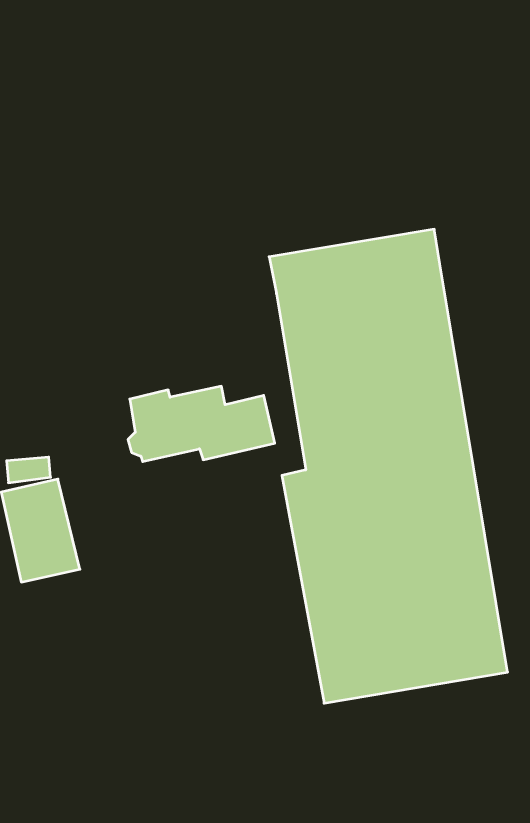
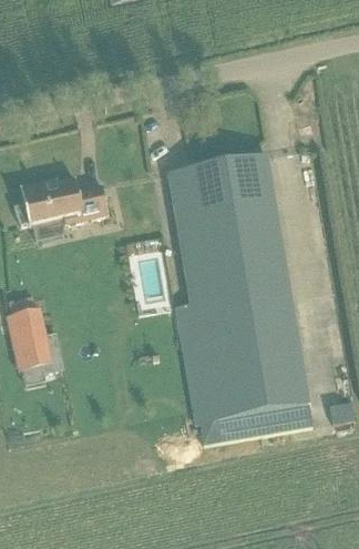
building: [128,386,275,462] -> [19,177,107,223]

